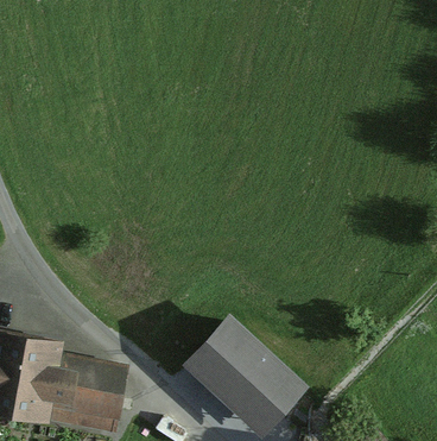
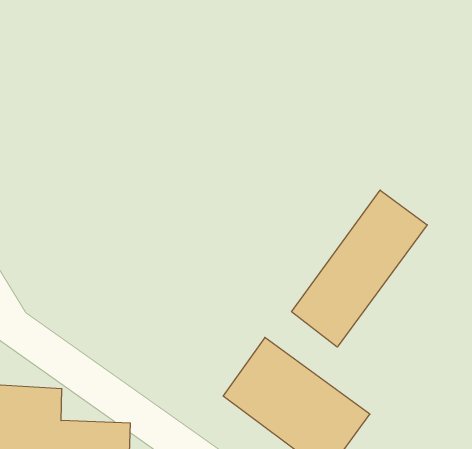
building: none -> [292,190,427,347]

